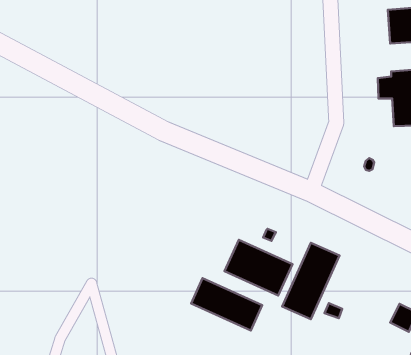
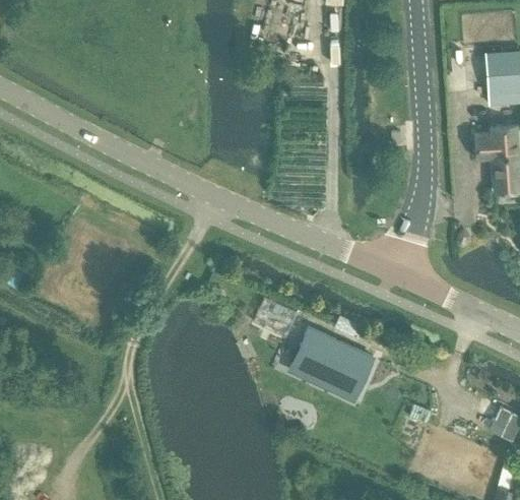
building: [282,243,340,319] -> none
building: [191,278,262,330] -> none

